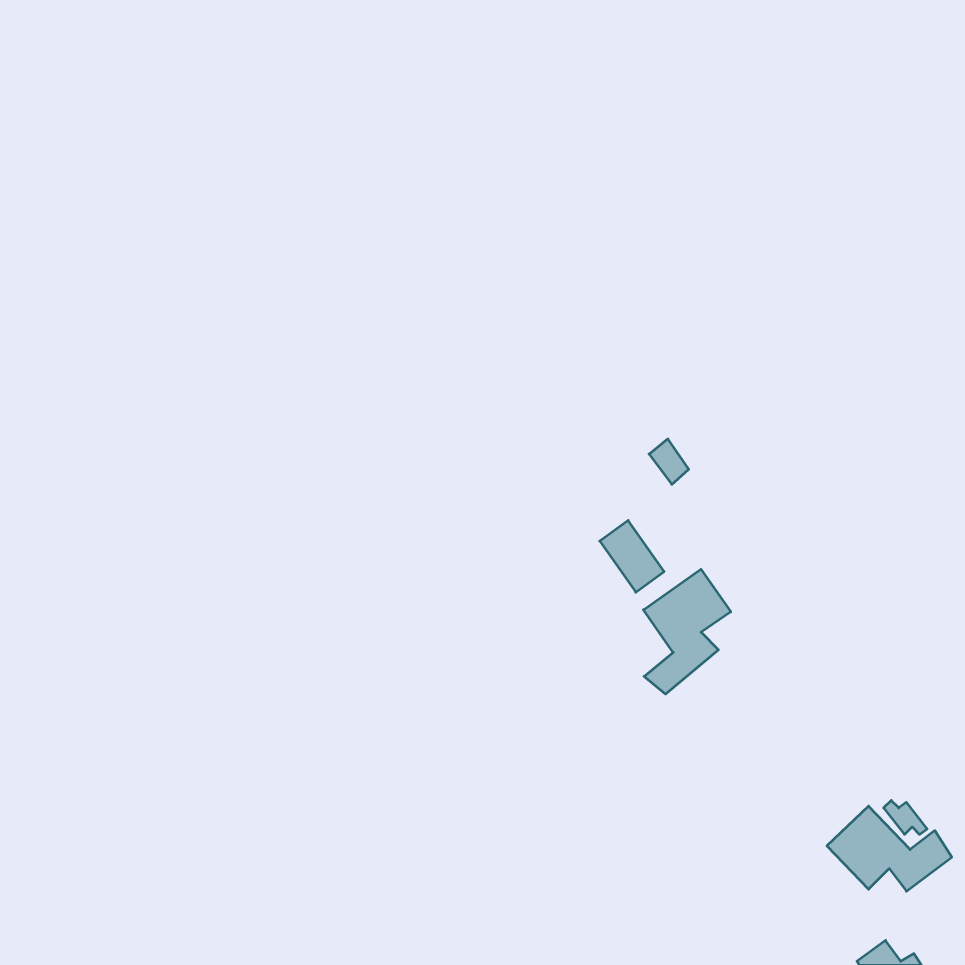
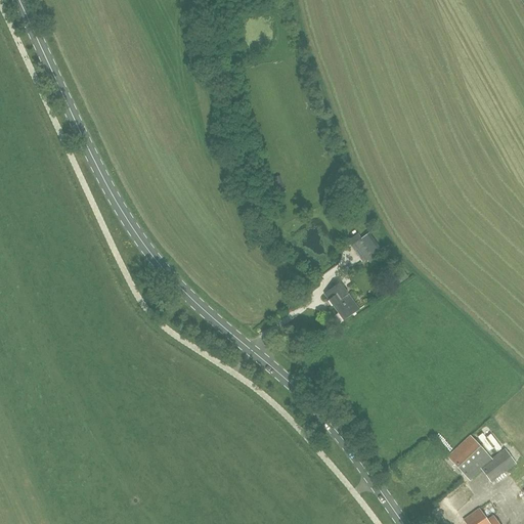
building: [643,569,731,694] -> none

